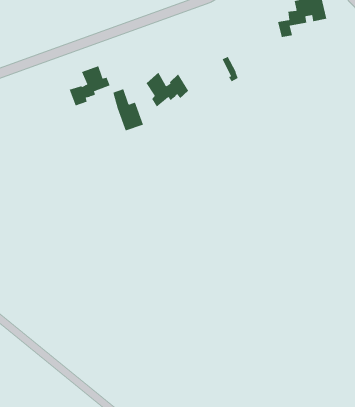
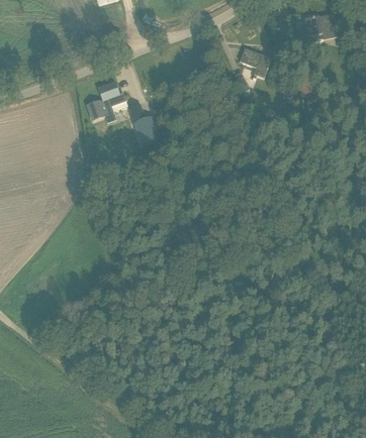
building: none -> [240,47,271,77]
building: [146,72,189,107] -> none

